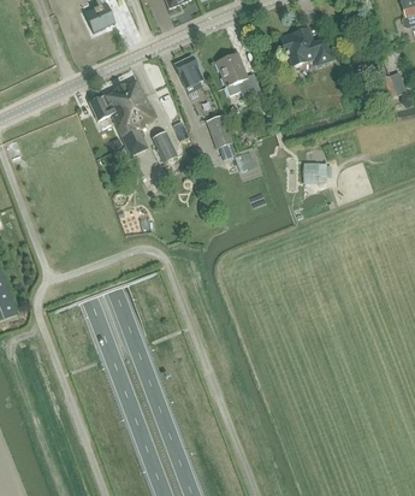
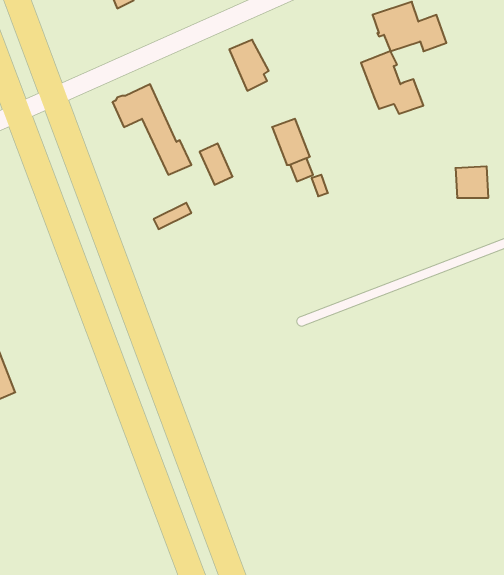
building: [215,52,261,98] -> [361,51,423,114]
building: [117,79,155,130] -> none
building: [302,160,326,183] -> [455,166,488,198]

